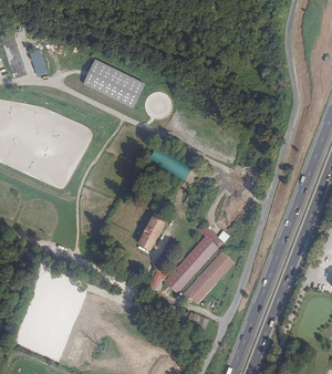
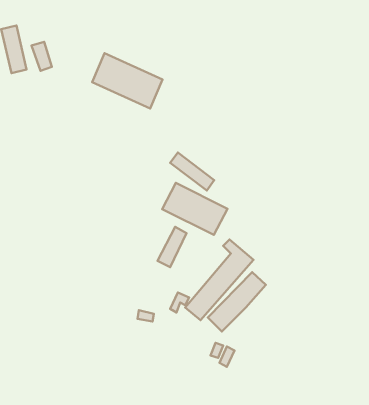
building: none -> [162,183,228,235]

